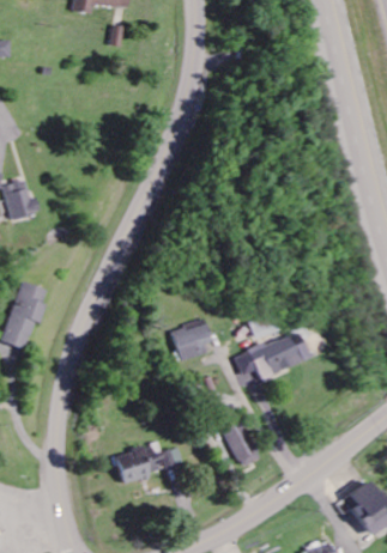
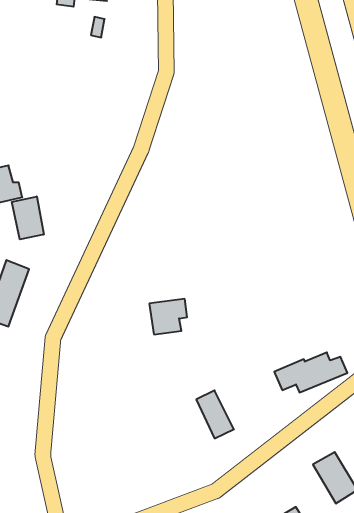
building: none -> [12,196,44,239]
building: [232,335,309,377] -> [274,352,347,392]
building: [115,442,182,482] -> none

